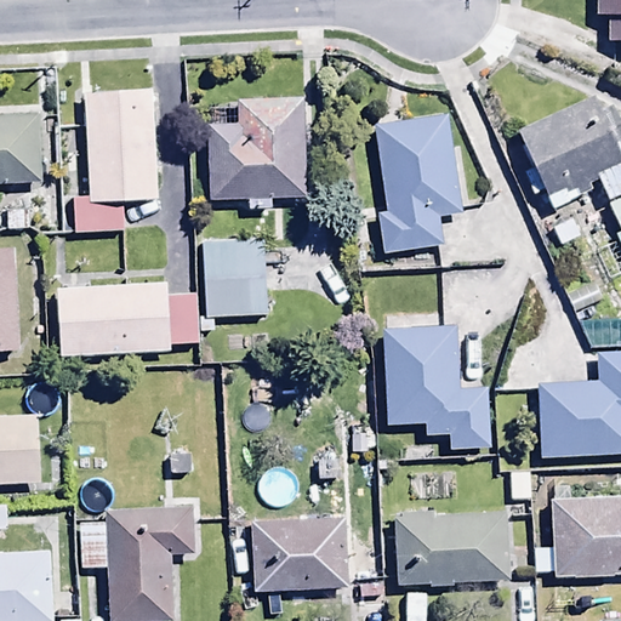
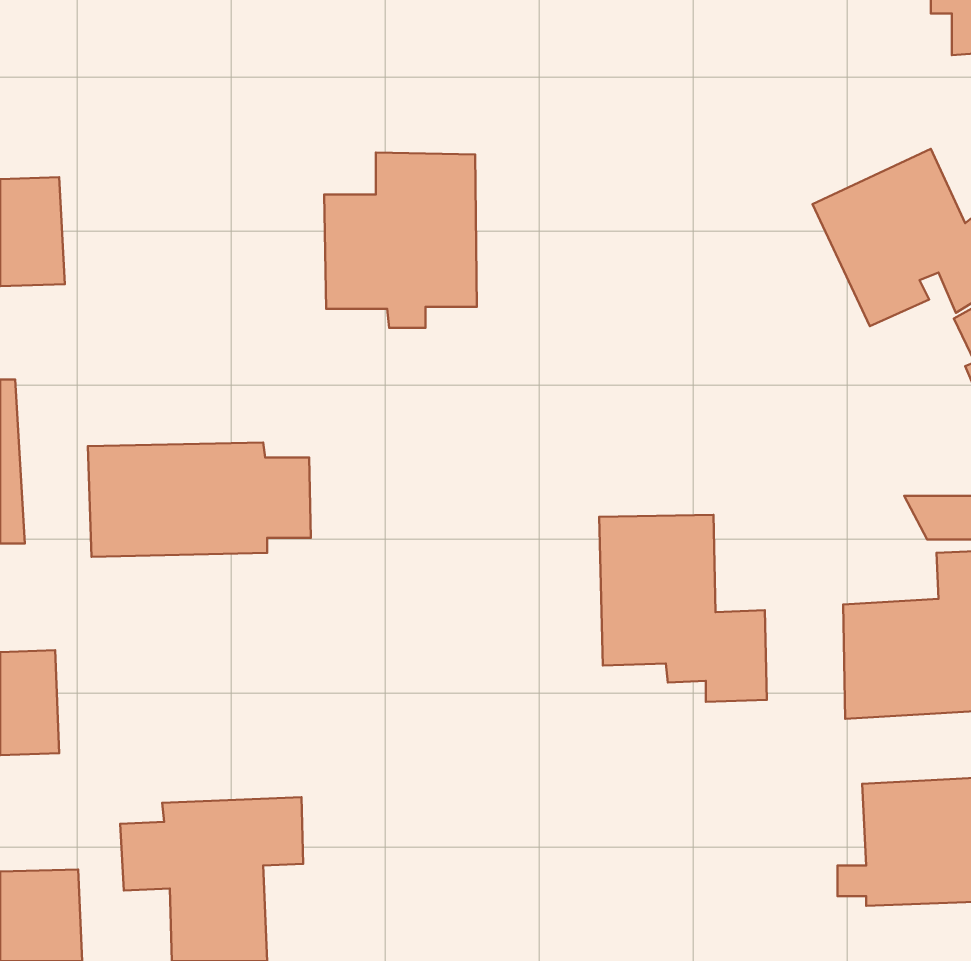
building: [73,87,159,232] -> none
building: [374,115,461,251] -> none
building: [201,234,270,315] -> none
building: [395,513,509,586] -> none
building: [250,519,347,589] -> none

